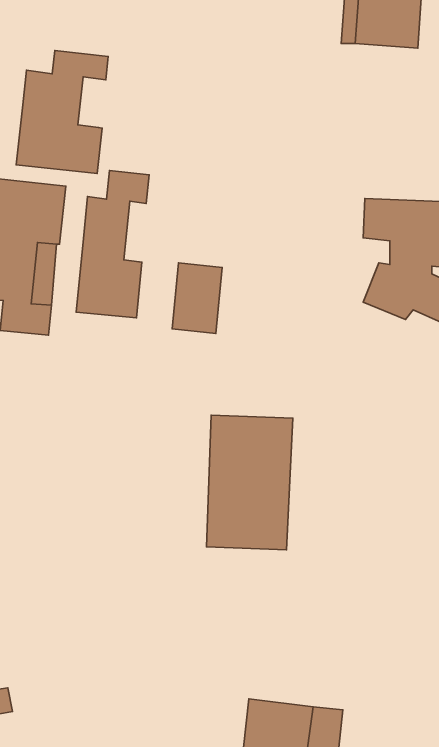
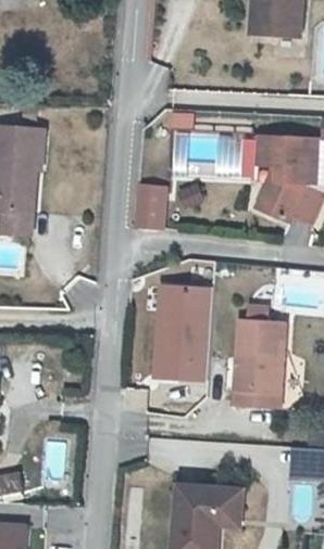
building: [16,50,108,174] -> none
building: [76,171,149,318] -> none
building: none -> [228,323,279,408]

